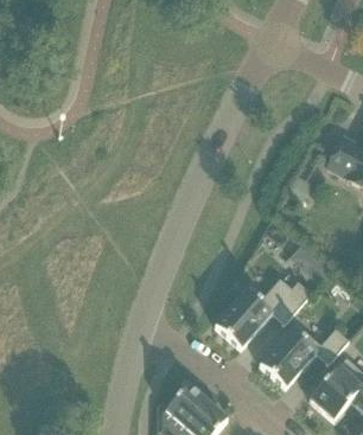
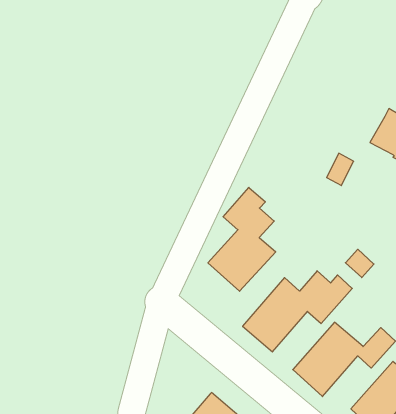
building: none -> [208,187,276,291]

